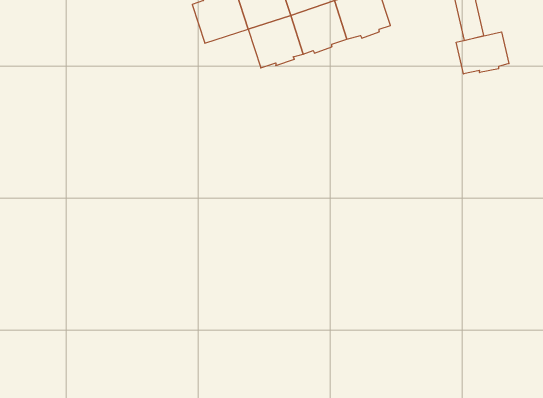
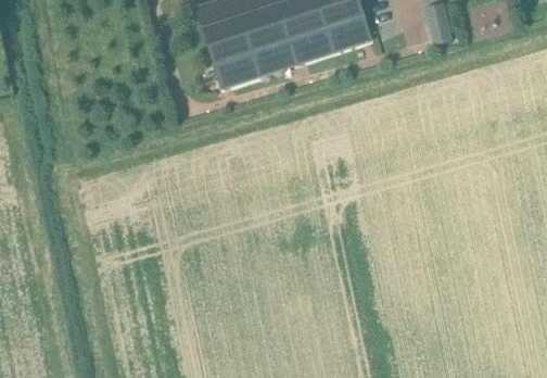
building: none -> [207,34,256,79]
building: [456,32,509,74] -> none

